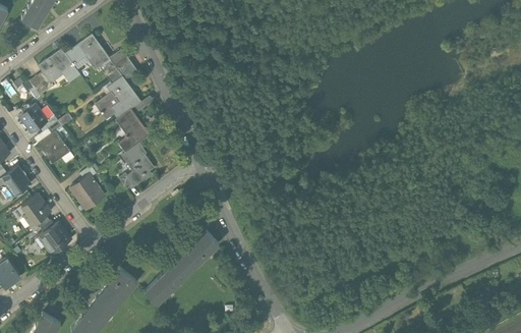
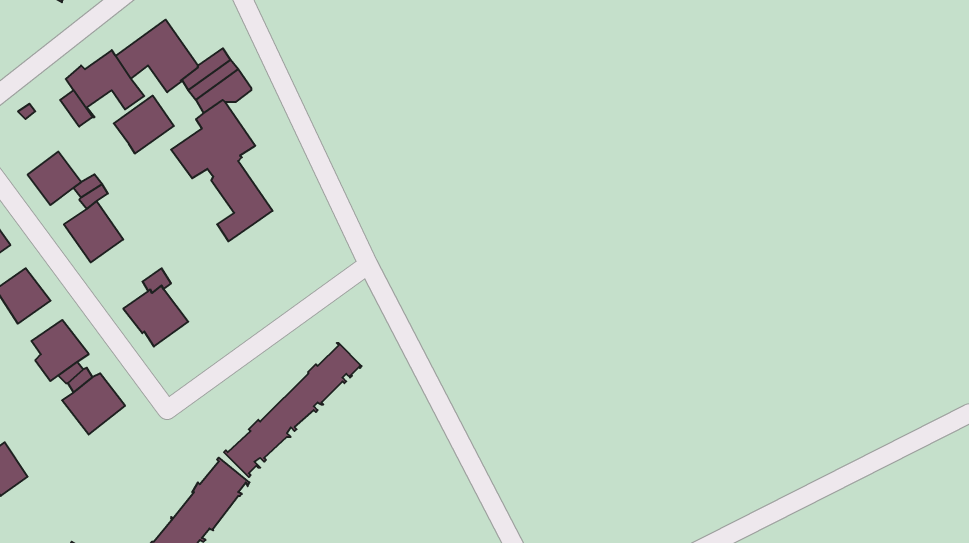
building: none -> [114,96,174,154]
building: [122,144,154,187] -> none
building: [144,233,218,304] -> [224,343,362,477]

